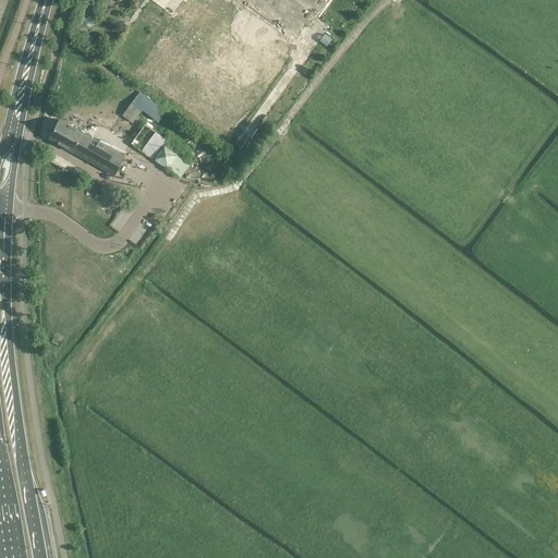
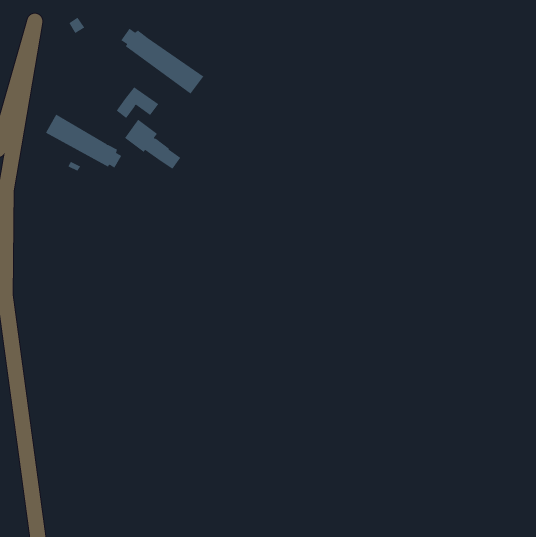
building: none -> [121,28,204,95]

